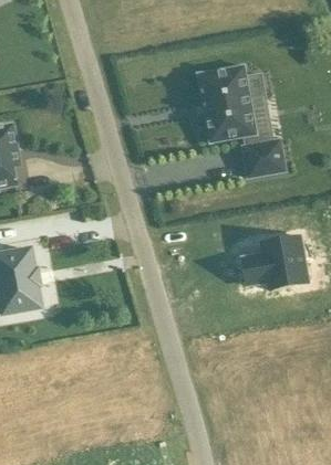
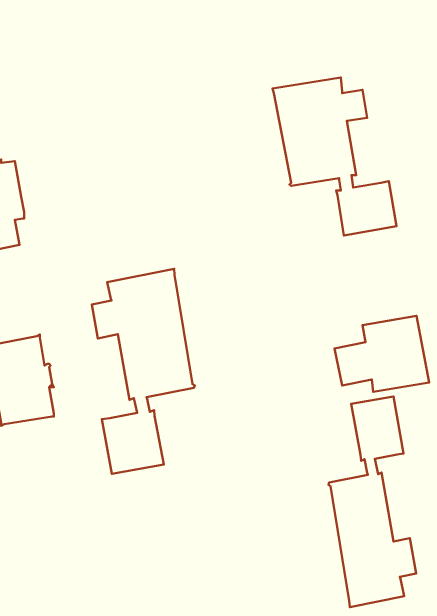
building: none -> [92,269,195,474]
building: none -> [329,396,416,607]

